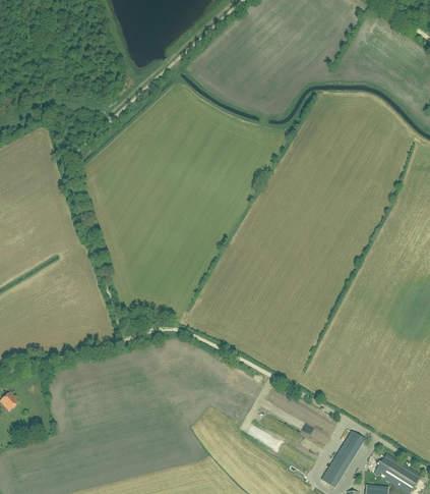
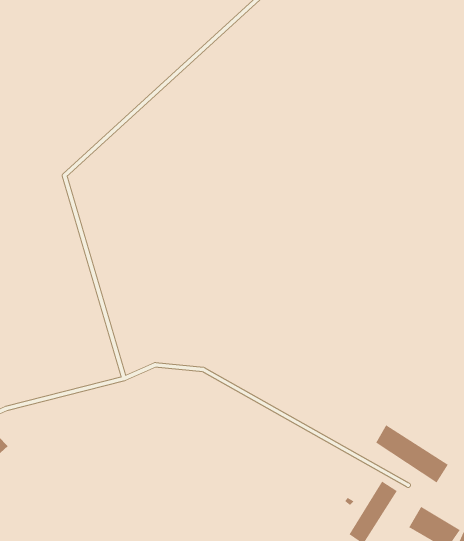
building: none -> [375,424,449,483]

